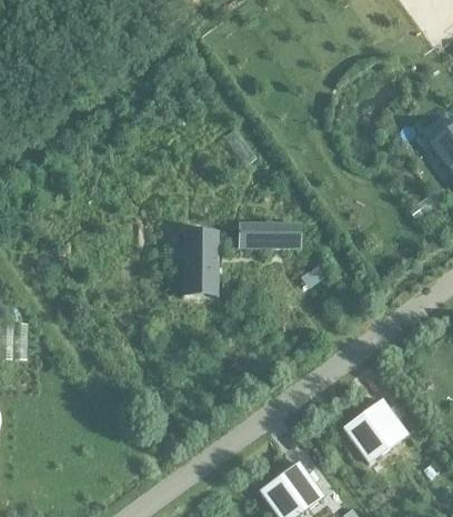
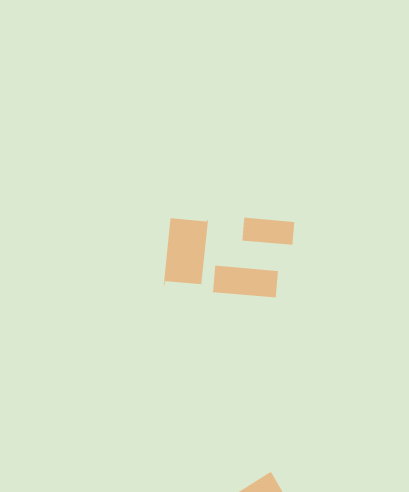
building: none -> [212,265,279,298]
building: [342,397,407,461] -> none

